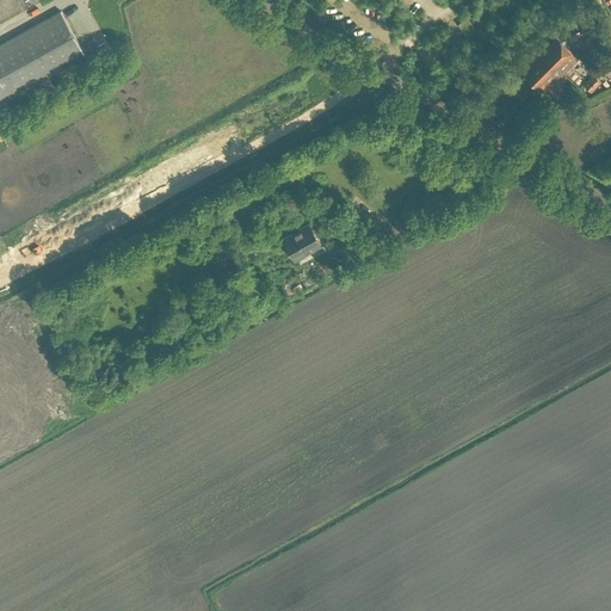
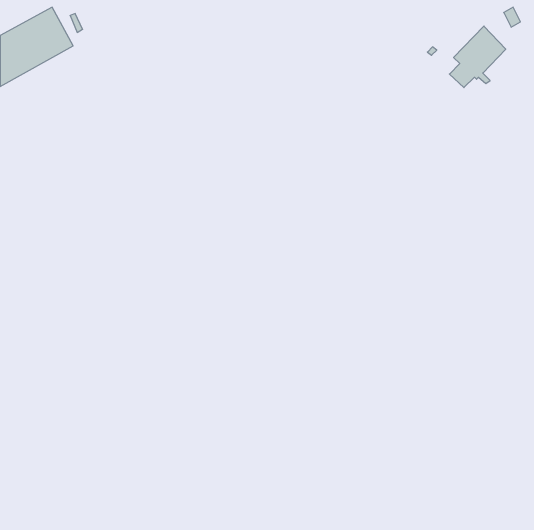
building: [280,227,317,261] -> none

